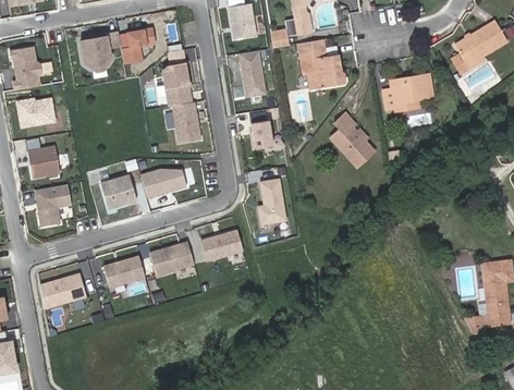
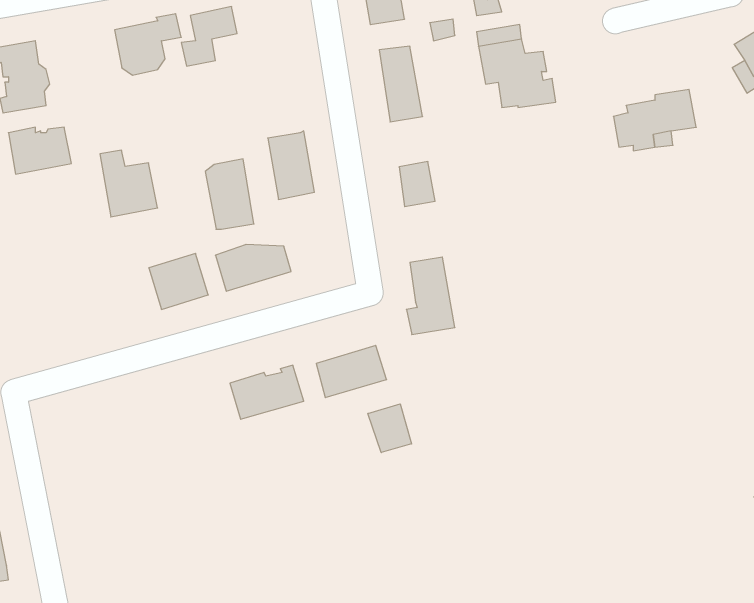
building: [162,63,192,106] -> [205,159,254,229]
building: [332,112,375,166] -> none
building: [24,138,59,179] -> [100,150,158,217]
building: [33,185,70,228] -> none
building: [103,257,145,289] -> none
building: none -> [368,404,412,453]
building: [39,276,85,309] -> none

